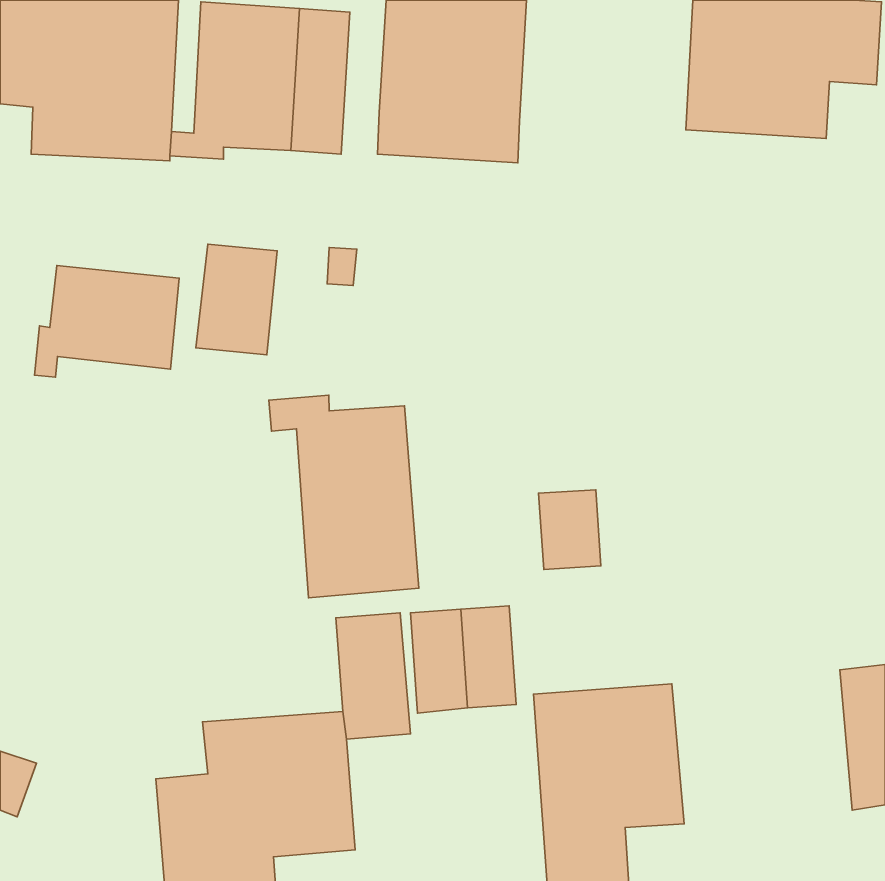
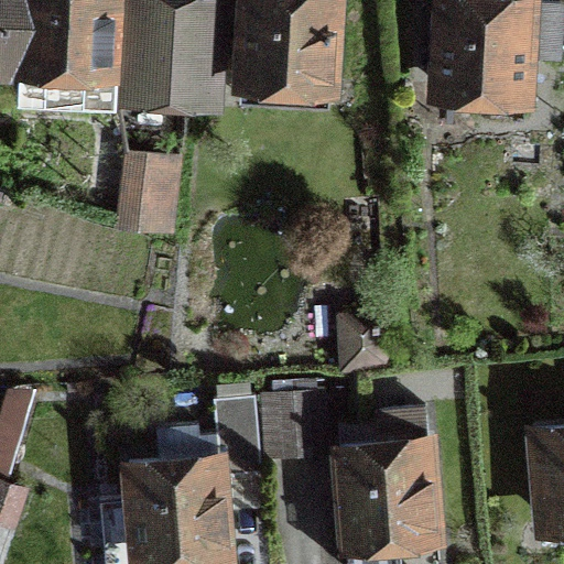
building: [35,265,179,377] -> none
building: [269,395,419,598] -> none

